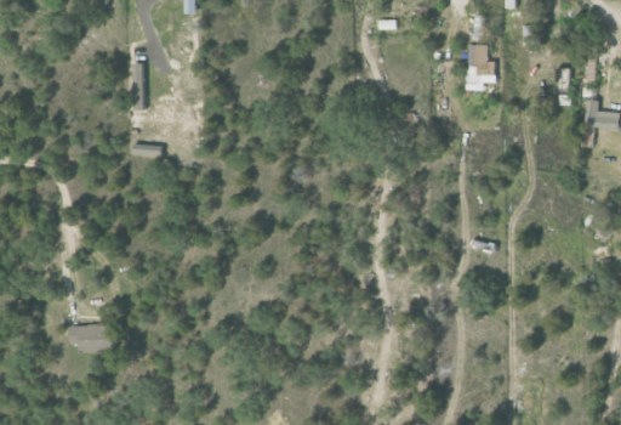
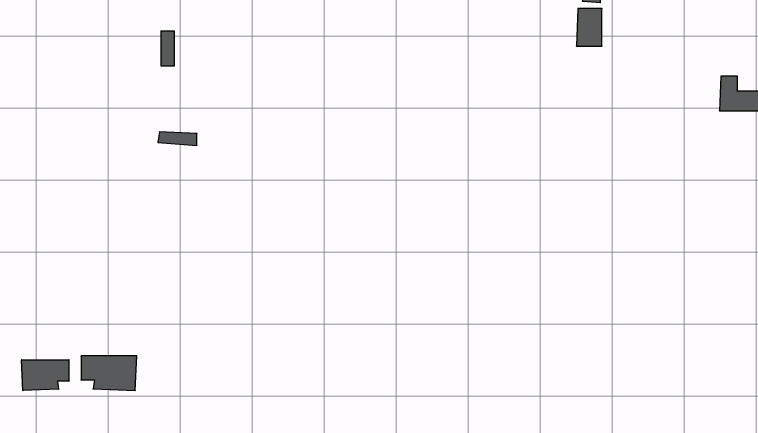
building: none -> [22,360,69,391]

